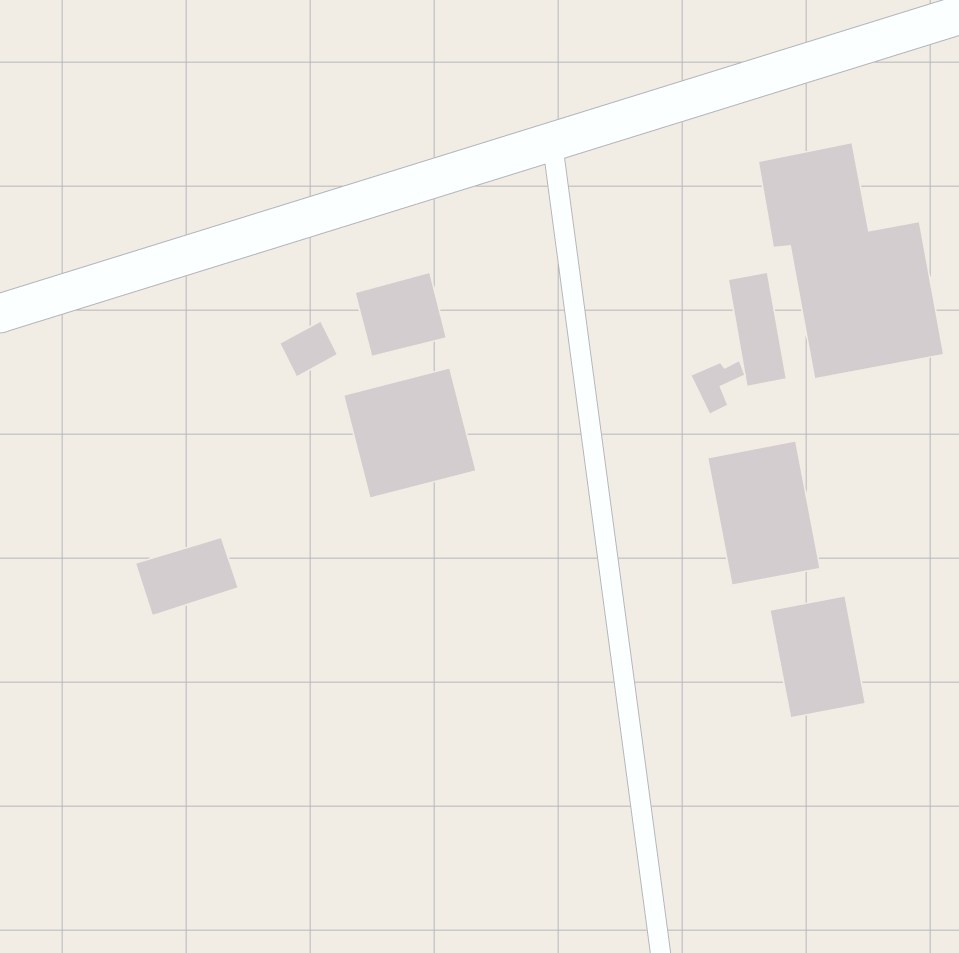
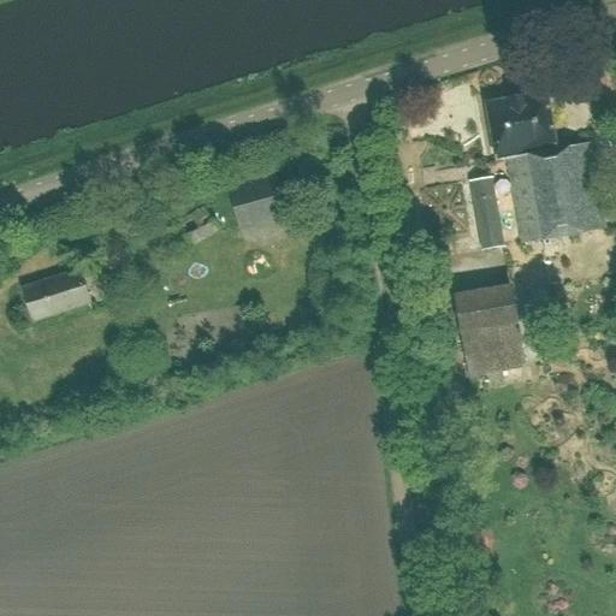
building: [343,368,476,498] -> none
building: [135,537,238,616] -> [22,270,88,320]
building: [770,596,866,718] -> none

